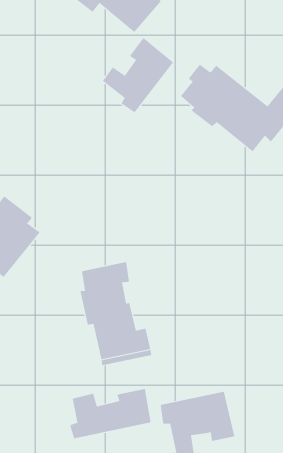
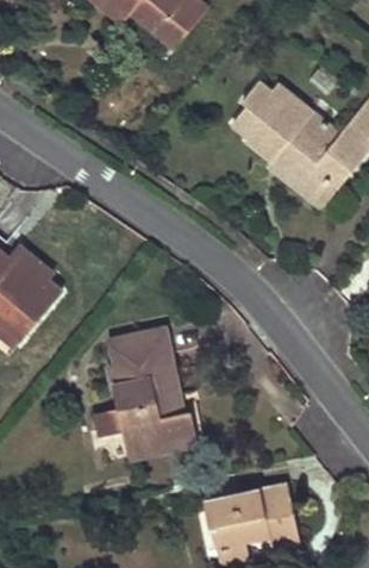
building: [102,37,174,113] -> none
building: [69,388,151,439] -> none

